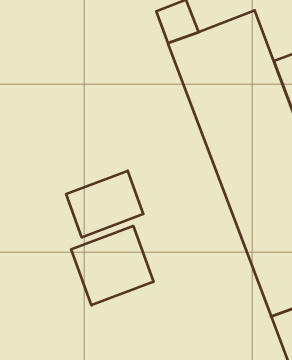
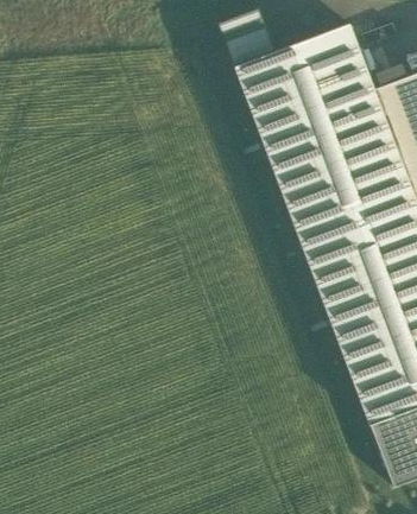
building: [66,171,143,237] -> none
building: [71,226,153,305] -> none

